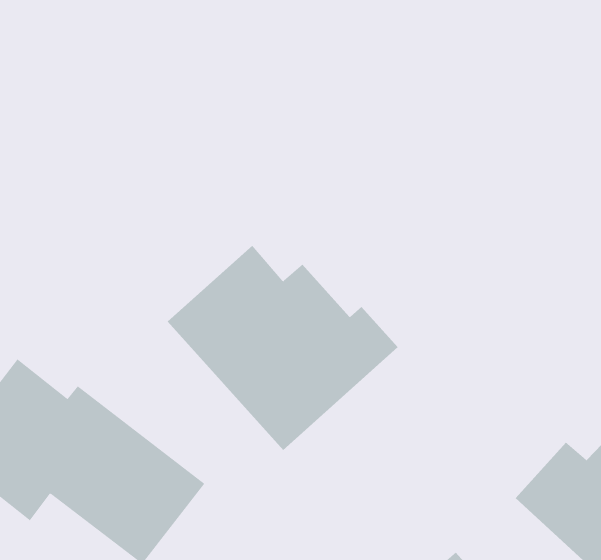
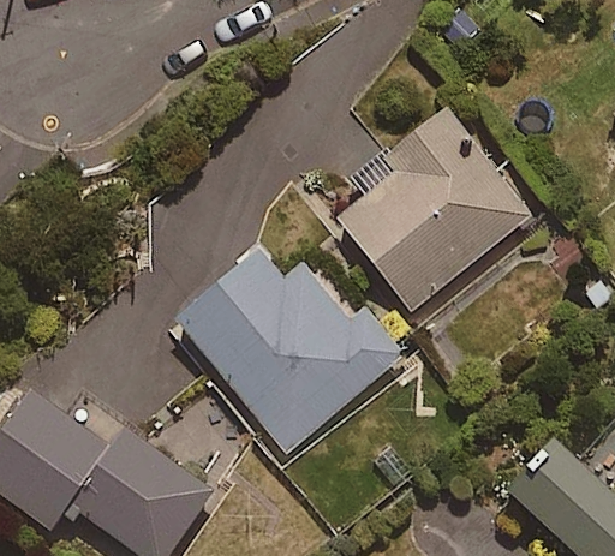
building: none -> [341,119,529,315]

